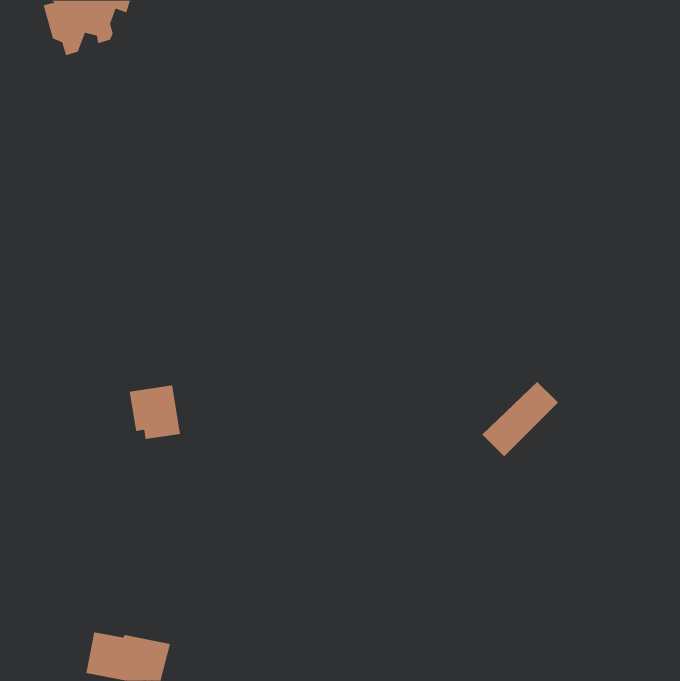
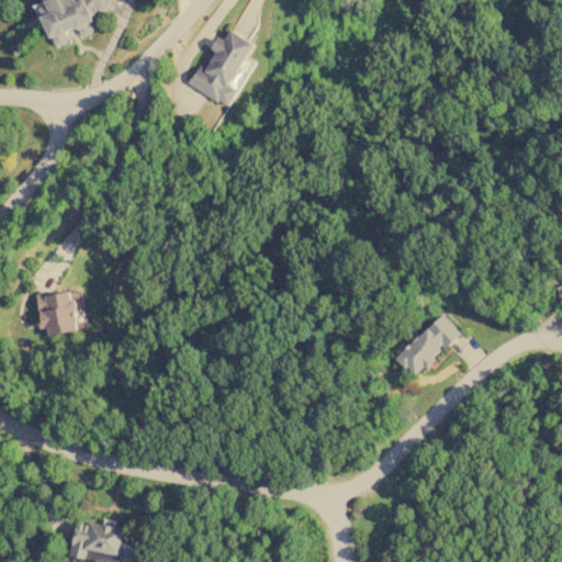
building: none -> [188,30,254,108]
building: [129,385,181,440] -> [35,290,78,335]

